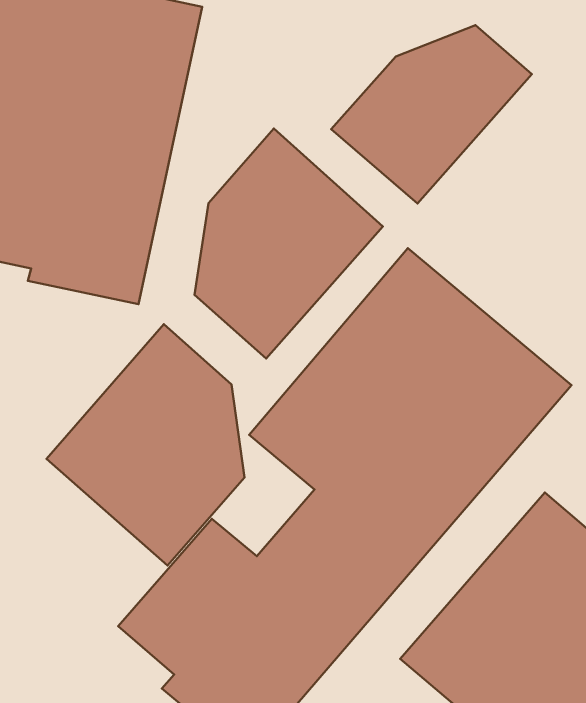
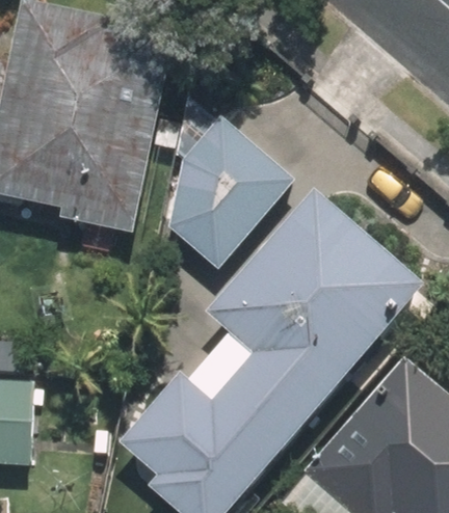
building: [331,25,532,203] -> none
building: [47,324,244,565] -> none

